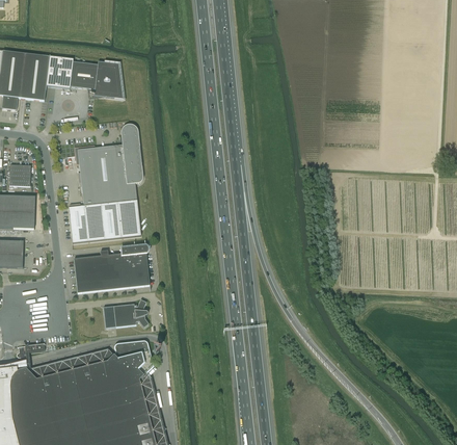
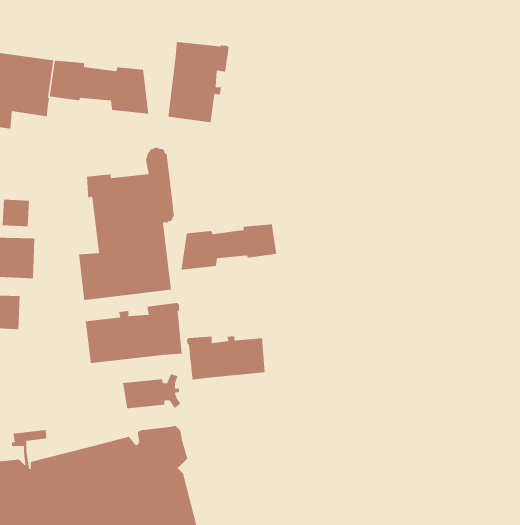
building: none -> [167,41,230,123]
building: none -> [180,223,277,271]
building: none -> [186,335,266,380]

